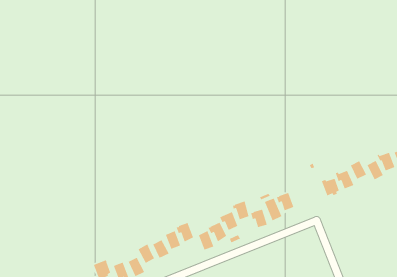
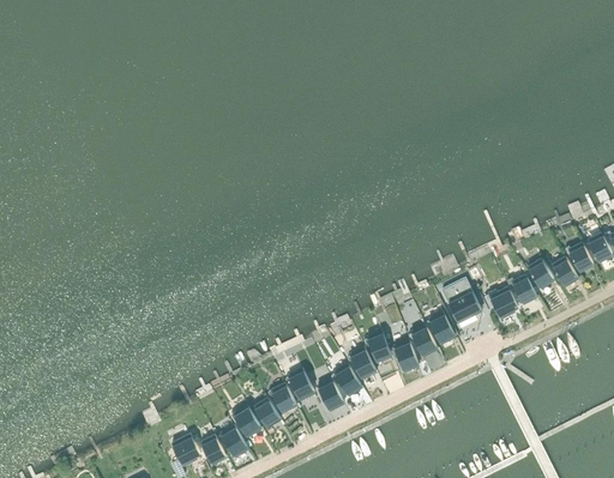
building: none -> [443,279,482,323]

